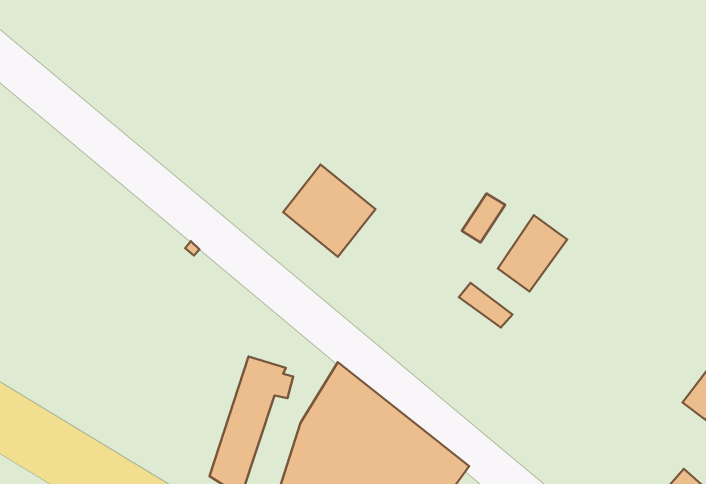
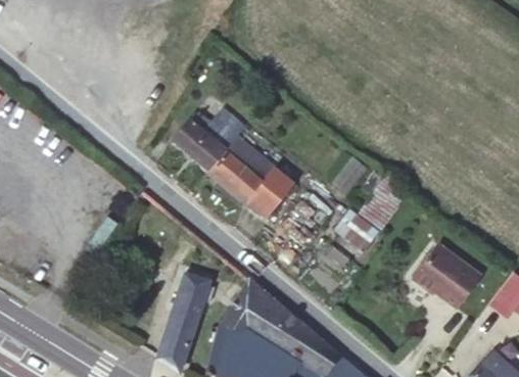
building: none -> [173,108,245,171]
building: none -> [248,168,293,216]
building: none -> [415,244,482,307]

